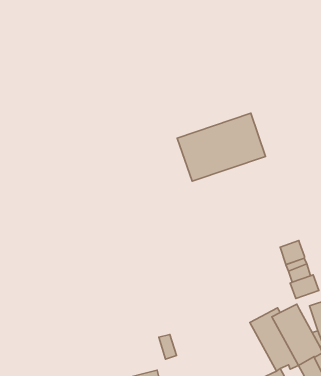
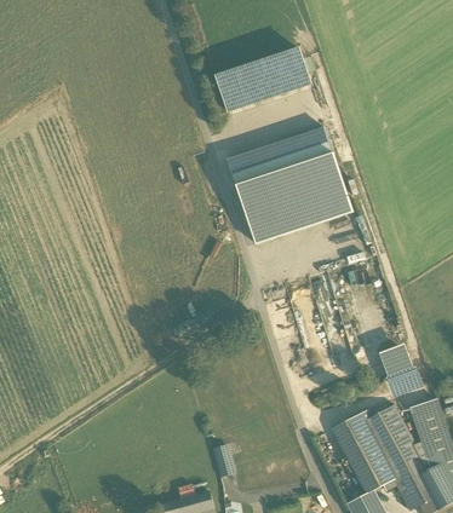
building: none -> [216,48,310,110]
building: none -> [228,127,333,185]
building: [280,241,305,265] -> none

